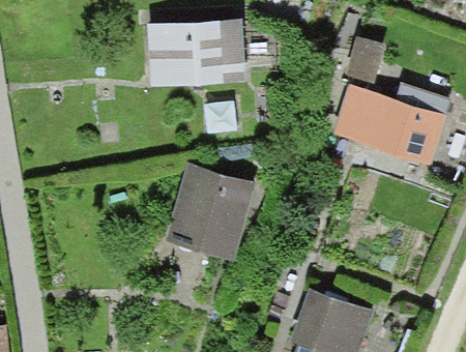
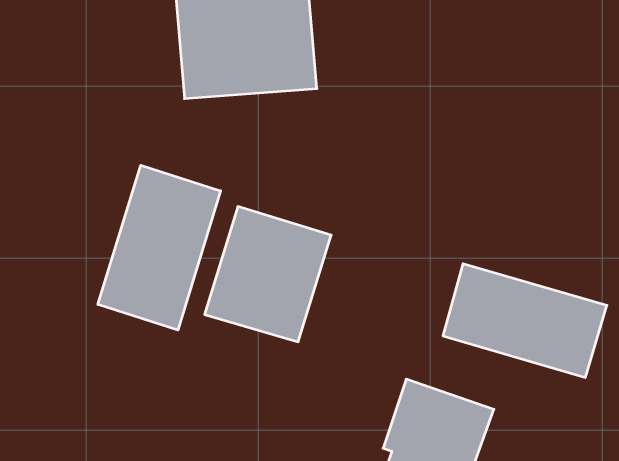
building: [331,85,449,167] -> [443,264,607,377]
building: none -> [98,165,221,330]

